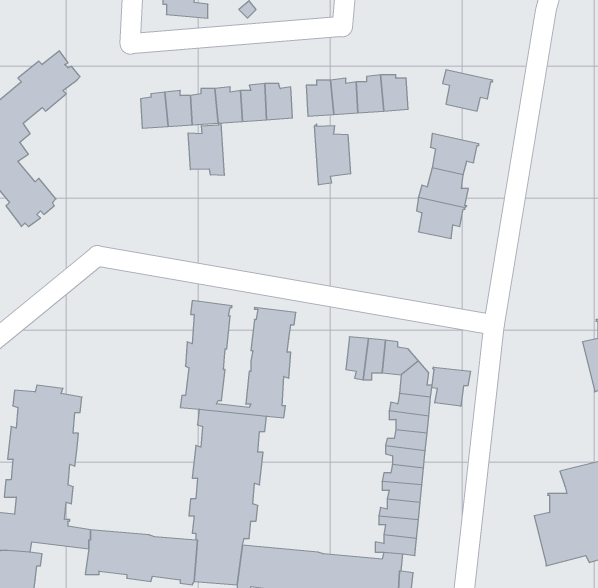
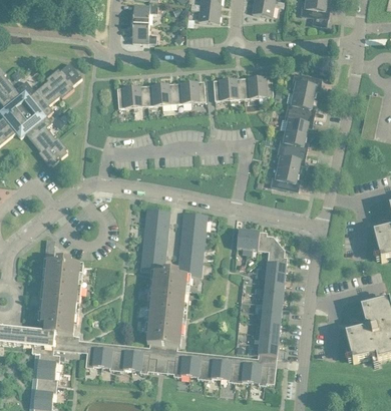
building: none -> [287,93,316,116]
building: [188,123,224,175] -> none
building: [315,124,350,185] -> none
building: none -> [271,167,300,191]
building: [432,367,471,406] -> none

